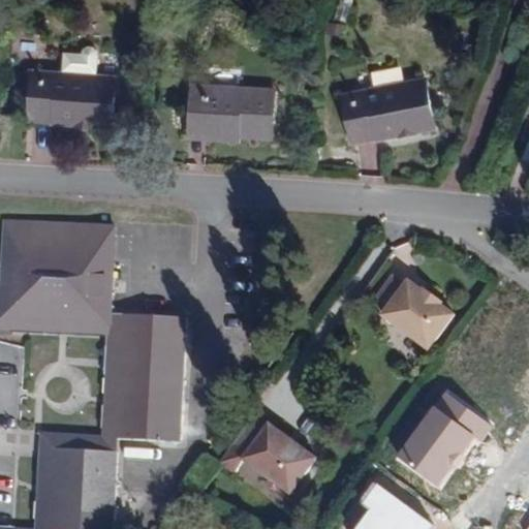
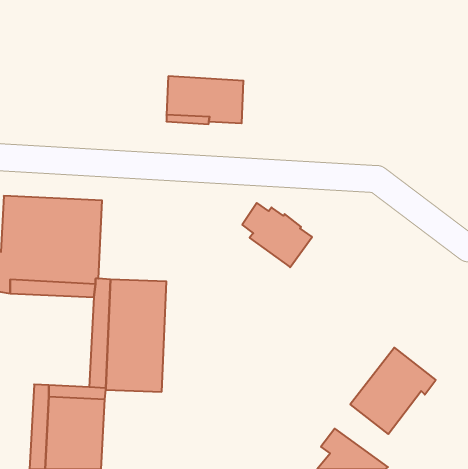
building: [30,48,115,124] -> none
building: [342,82,432,144] -> none
building: [371,279,449,351] -> [242,203,312,267]
building: [219,416,315,494] -> none

